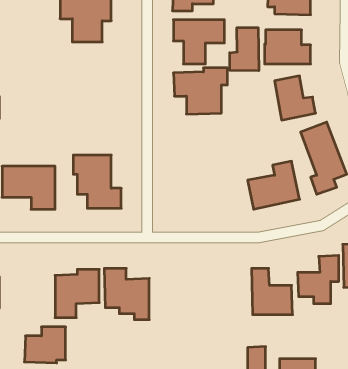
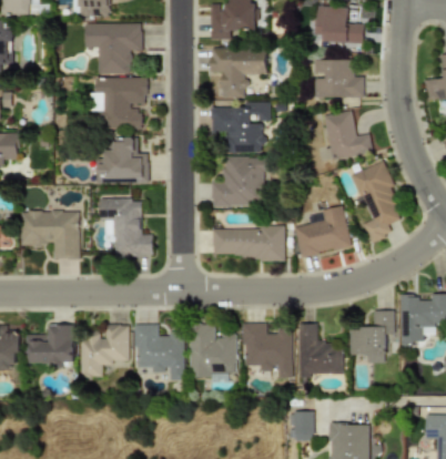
building: [230,28,259,71] -> none
building: none -> [91,78,148,129]
building: none -> [99,137,149,183]
building: none -> [211,157,264,206]
building: none -> [212,227,284,257]
building: none -> [242,324,292,378]
building: none -> [190,325,236,378]
building: [24,327,66,363] -> [29,325,74,365]

